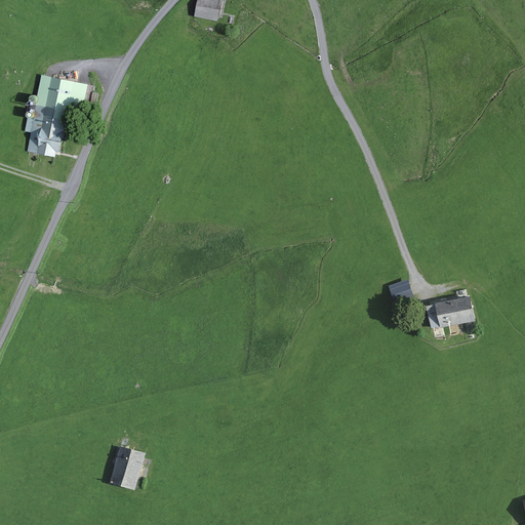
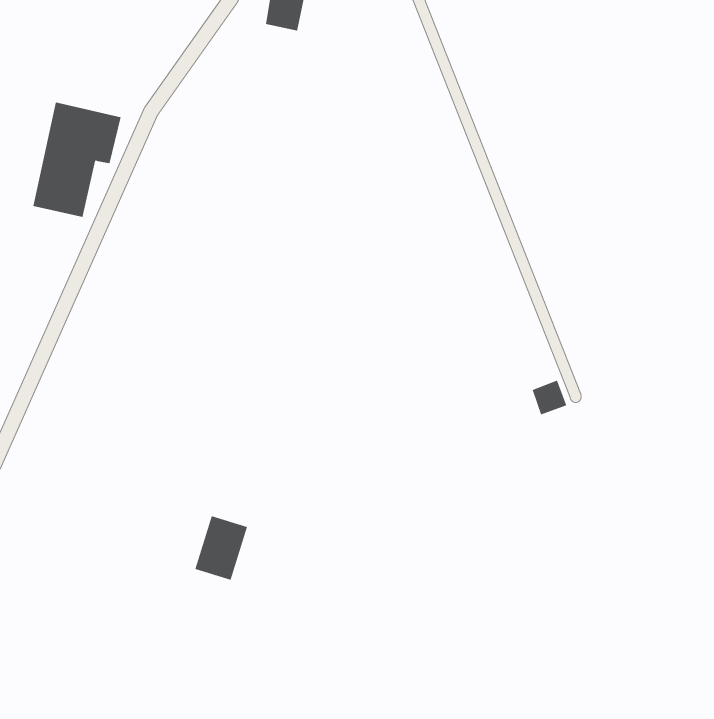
building: [435,295,476,327] -> none
building: [107,442,146,489] -> [194,516,248,581]

